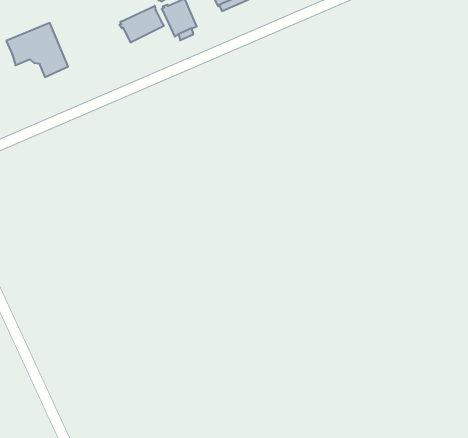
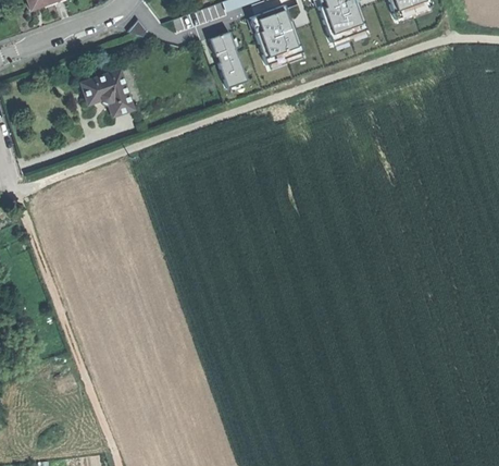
building: [119,6,164,43] -> none

